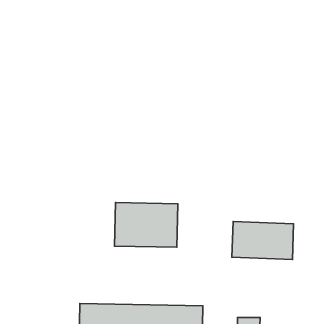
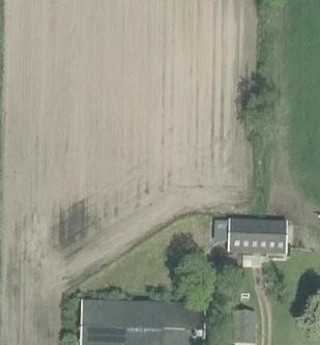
building: [114,203,178,247] -> none

